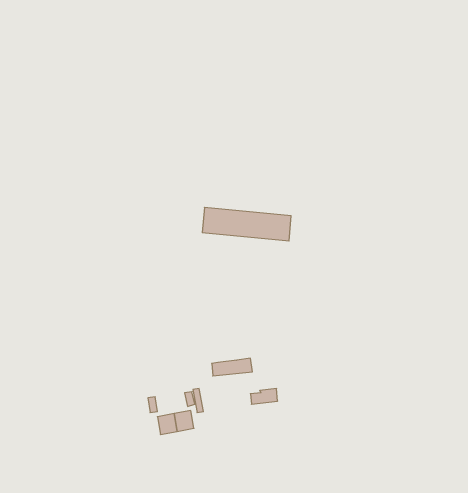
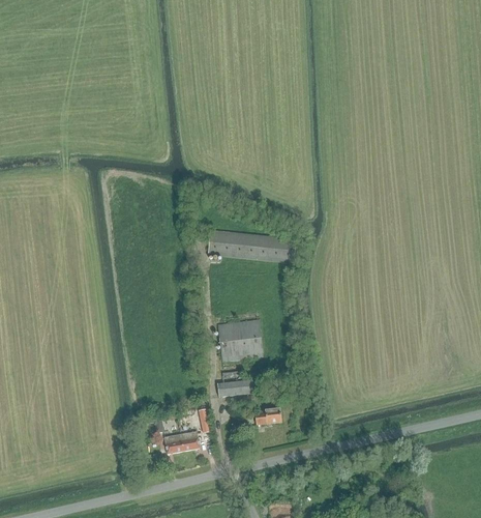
building: none -> [217,318,263,361]

